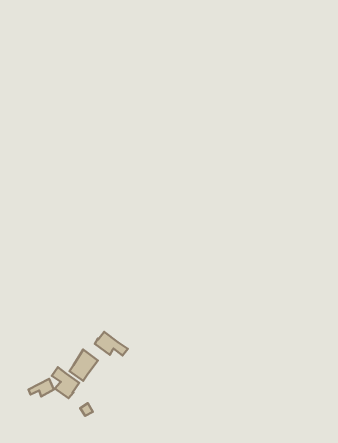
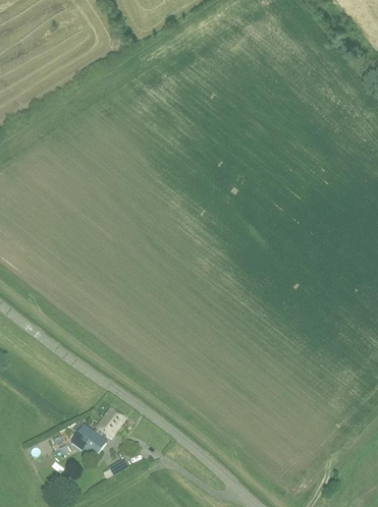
building: [95,332,128,356] -> none

